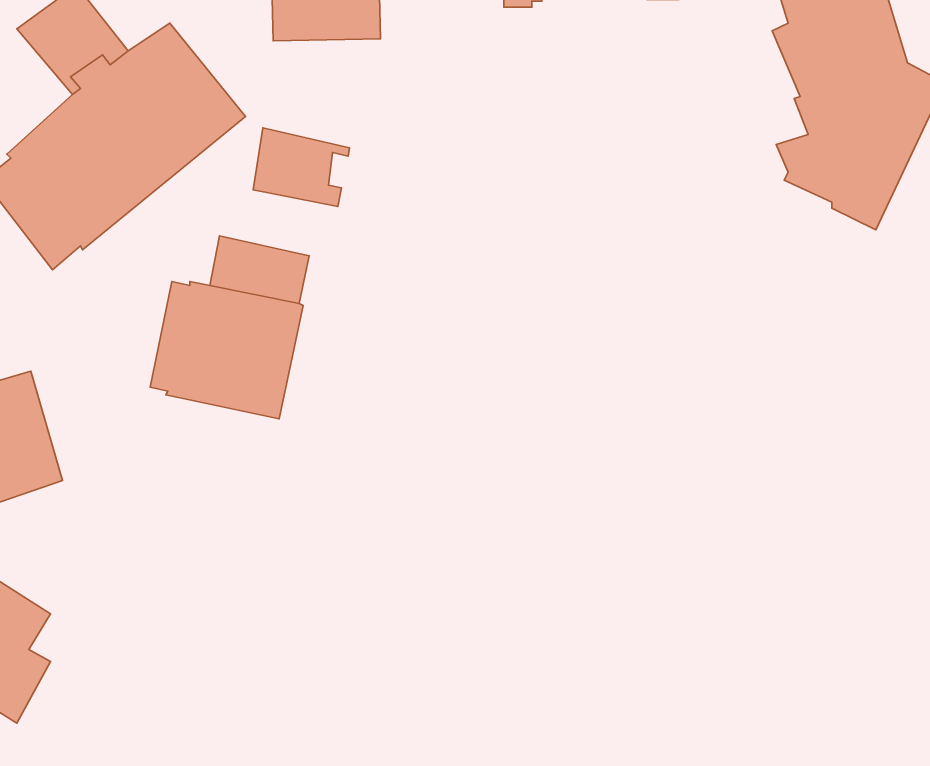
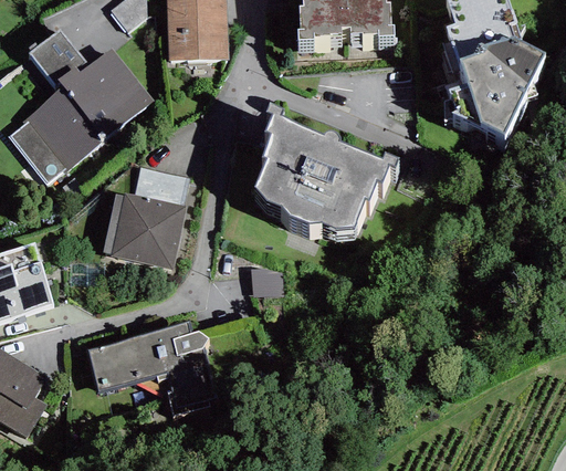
building: [253,128,350,207] -> none
building: none -> [252,118,398,245]
building: none -> [87,321,219,415]

